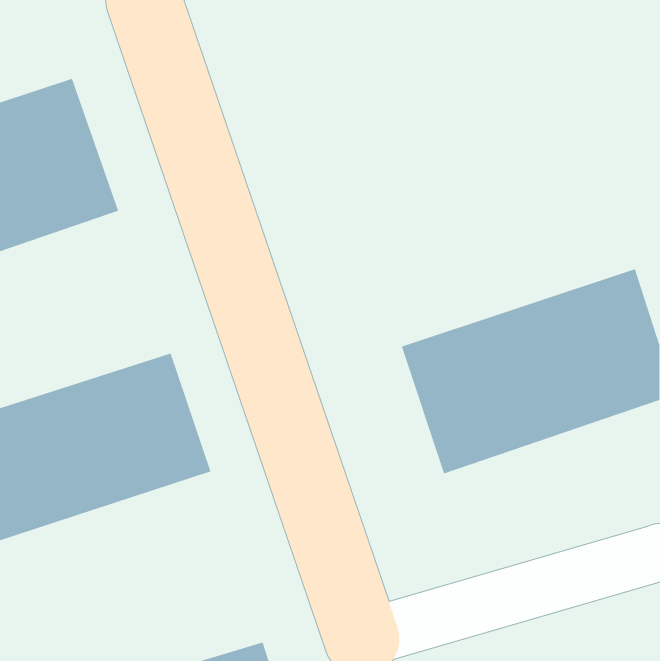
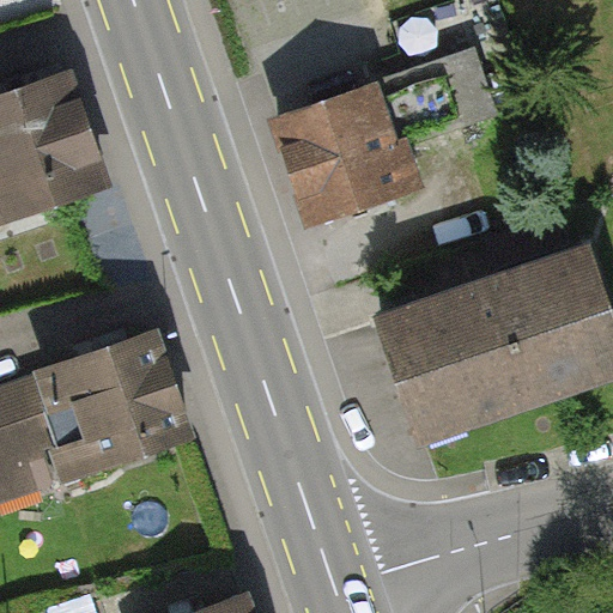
building: none -> [272,56,490,223]

